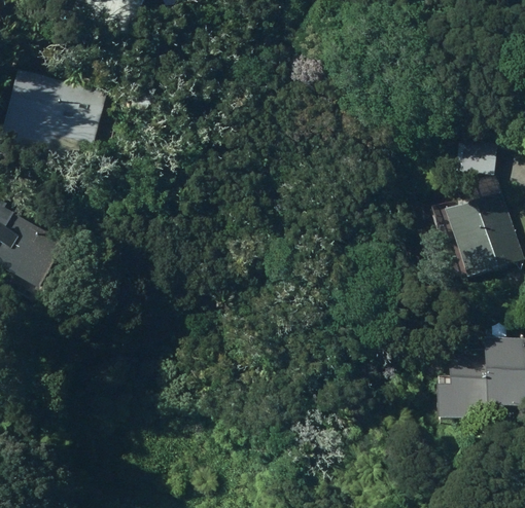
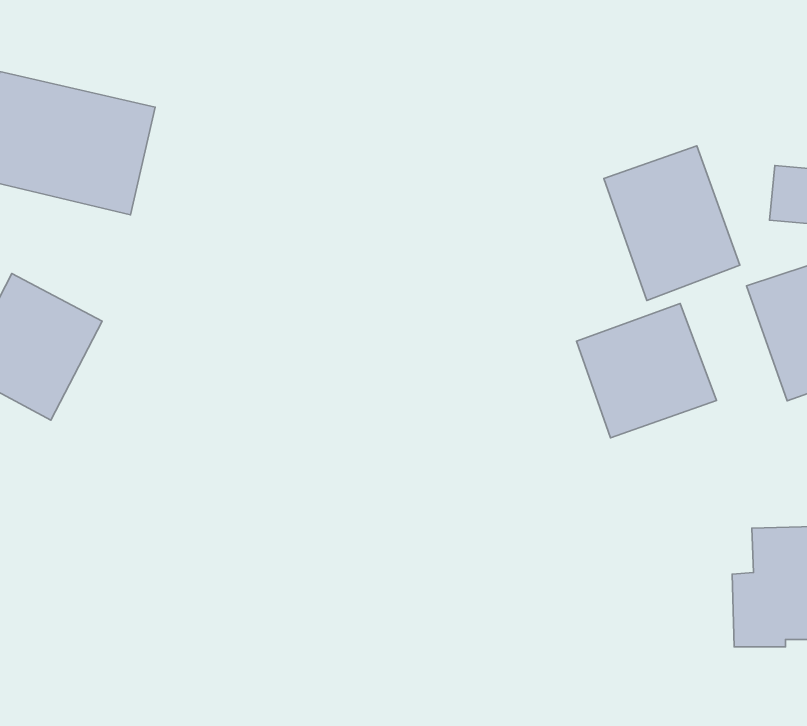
building: none -> [604,146,740,301]
building: none -> [576,303,717,438]

